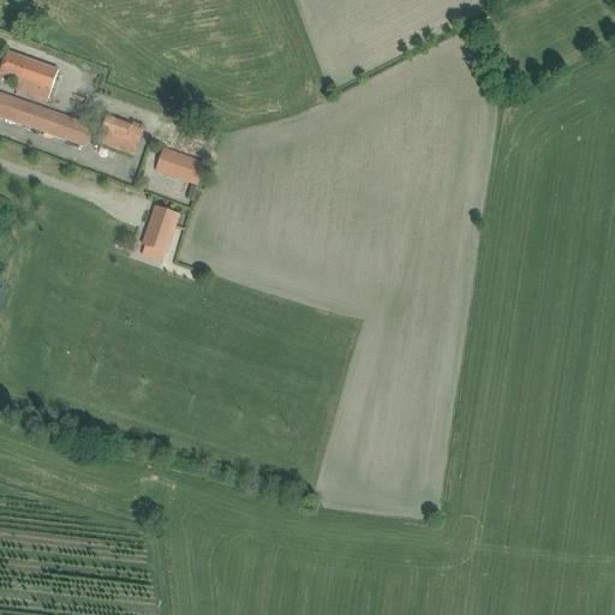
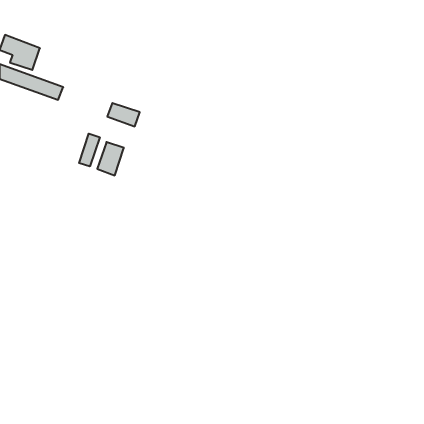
building: [96,115,142,153] -> none
building: none -> [79,134,100,166]

